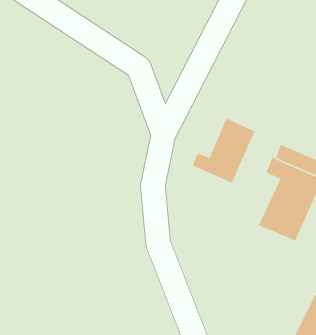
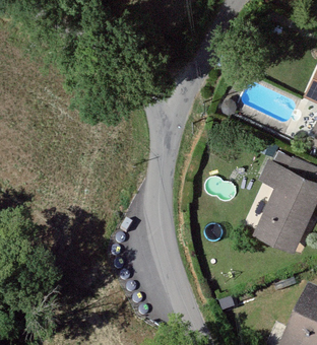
building: [191,118,255,184] -> none

